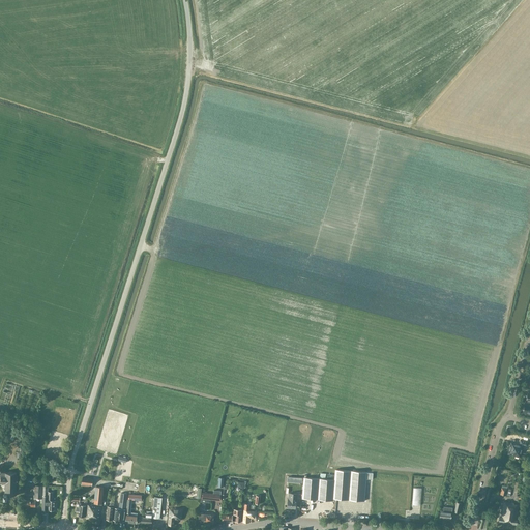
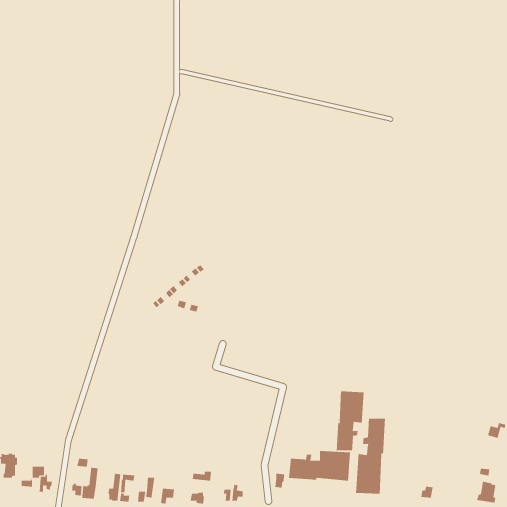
building: none -> [336,390,364,451]
building: none -> [356,418,386,495]

